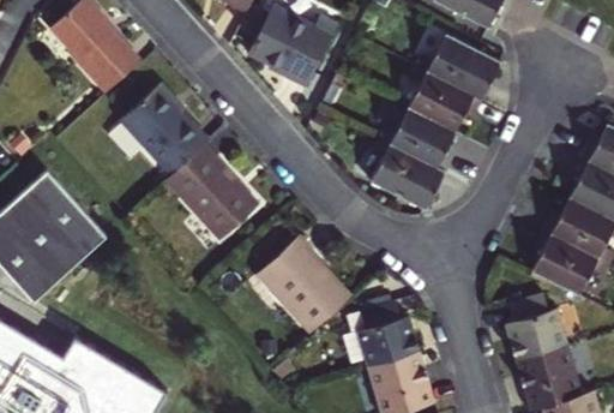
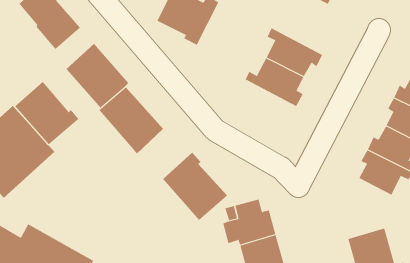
building: [410,30,502,100] -> none
building: [365,134,446,210] -> none
building: none -> [14,81,79,145]
building: [507,293,571,359] -> none

